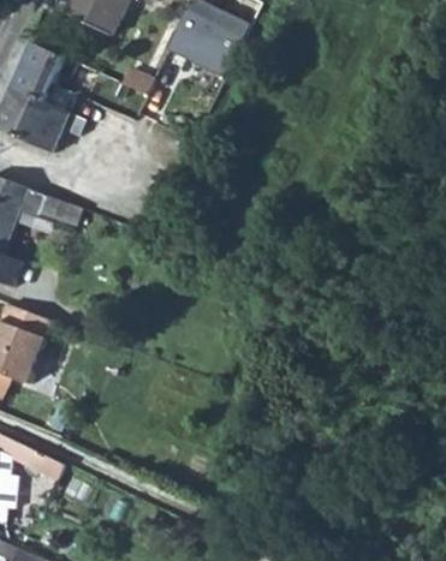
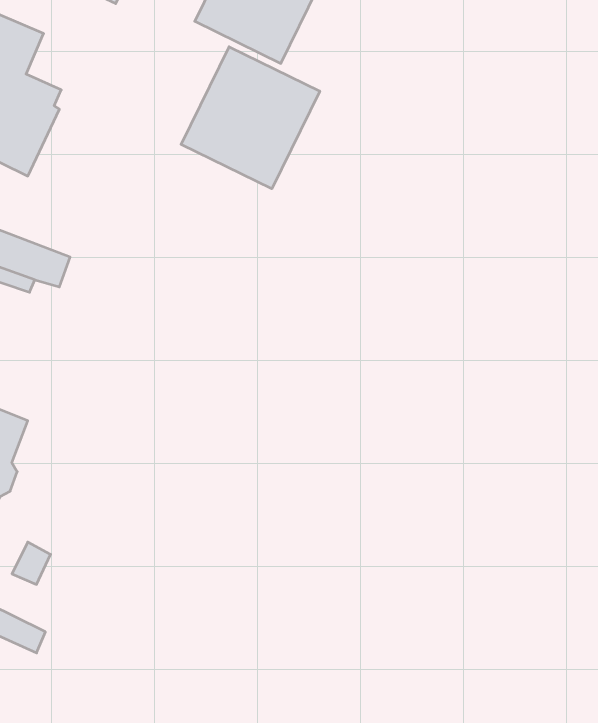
building: none -> [181,47,320,189]

